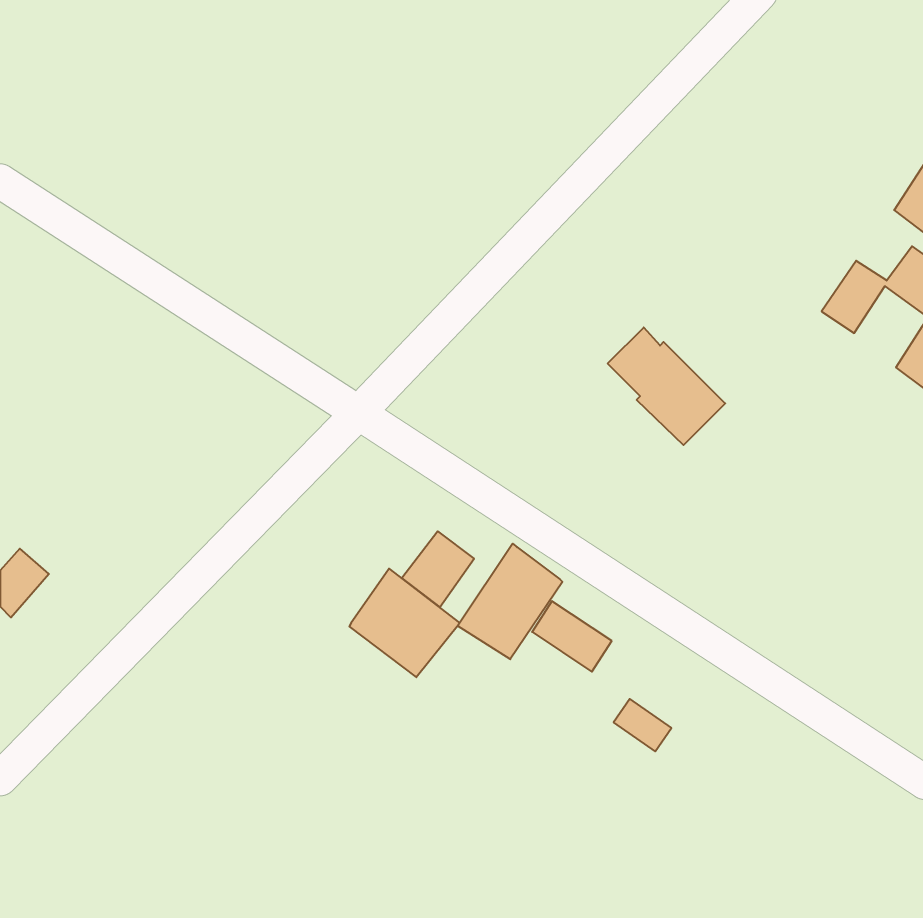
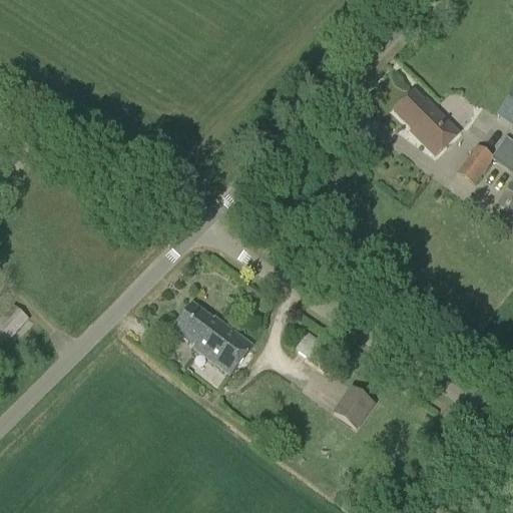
building: [608,327,725,445] -> [396,89,461,154]
building: [402,531,474,607] -> [174,303,214,345]
building: [458,544,562,659] -> none

